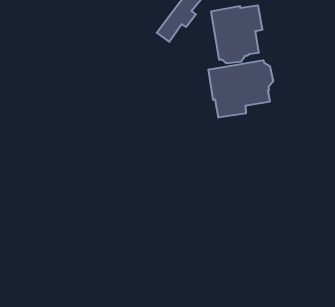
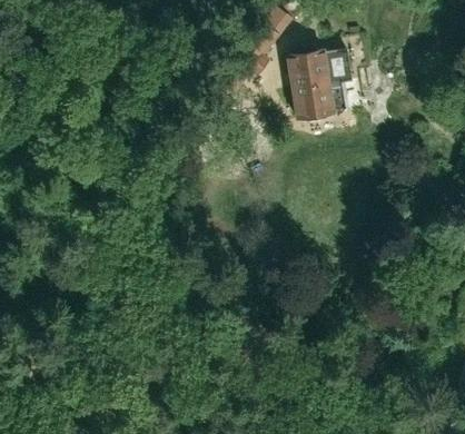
building: [209,60,273,118] -> none

